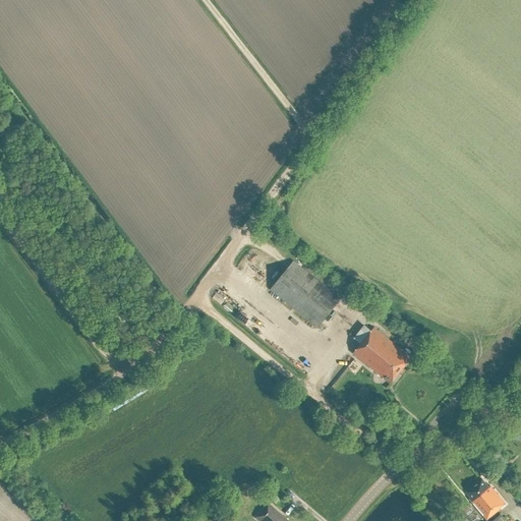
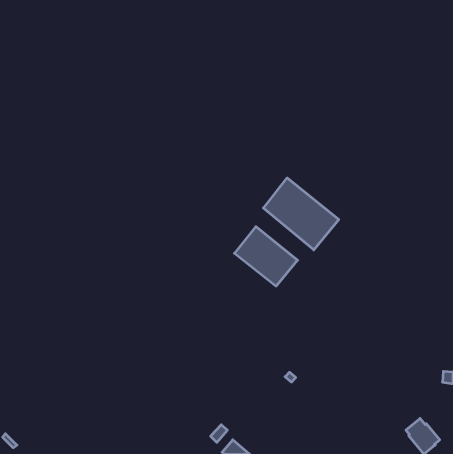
building: none -> [263,178,339,250]
building: [352,328,410,384] -> none

